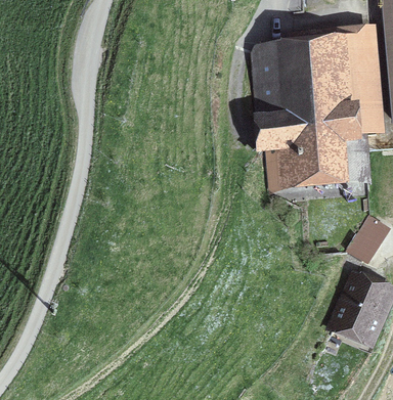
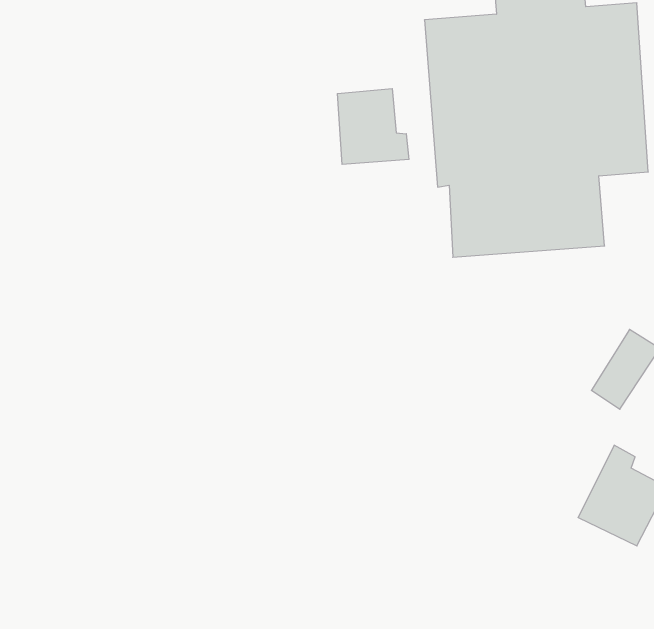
building: none -> [337,89,409,164]

